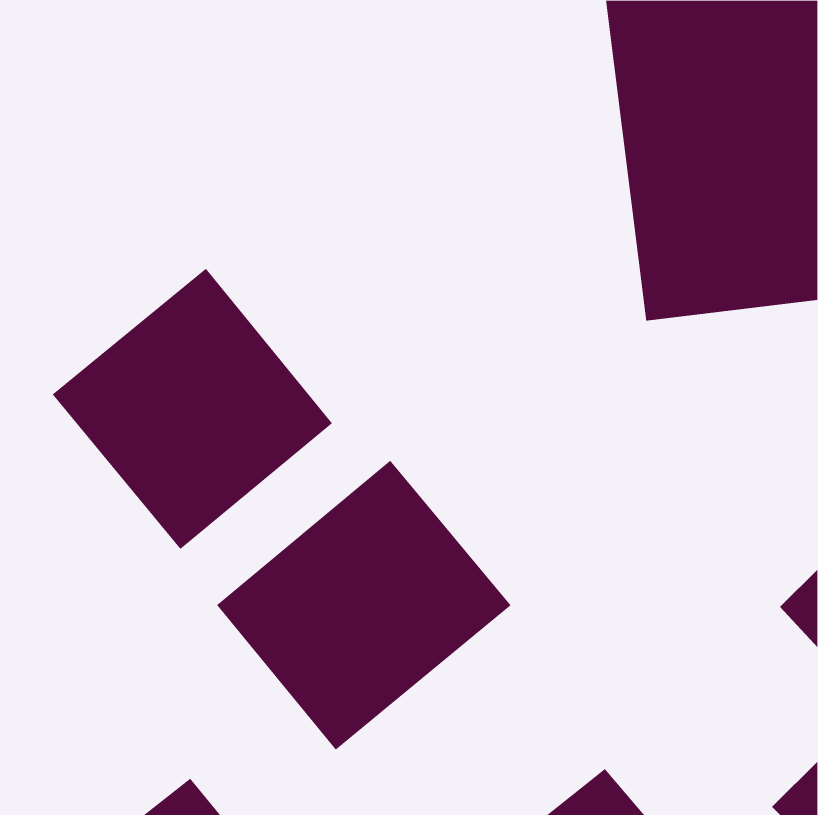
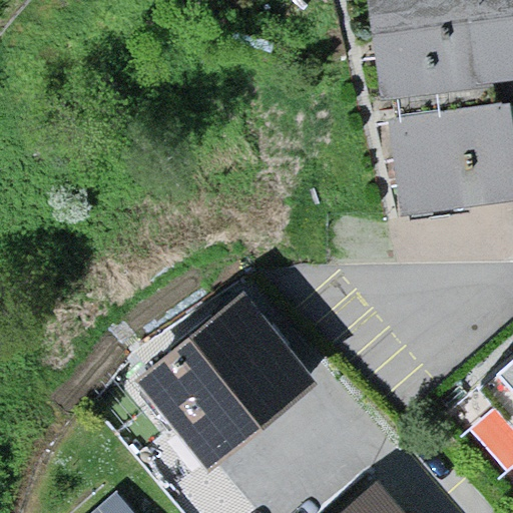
building: [52,268,333,550] -> none

